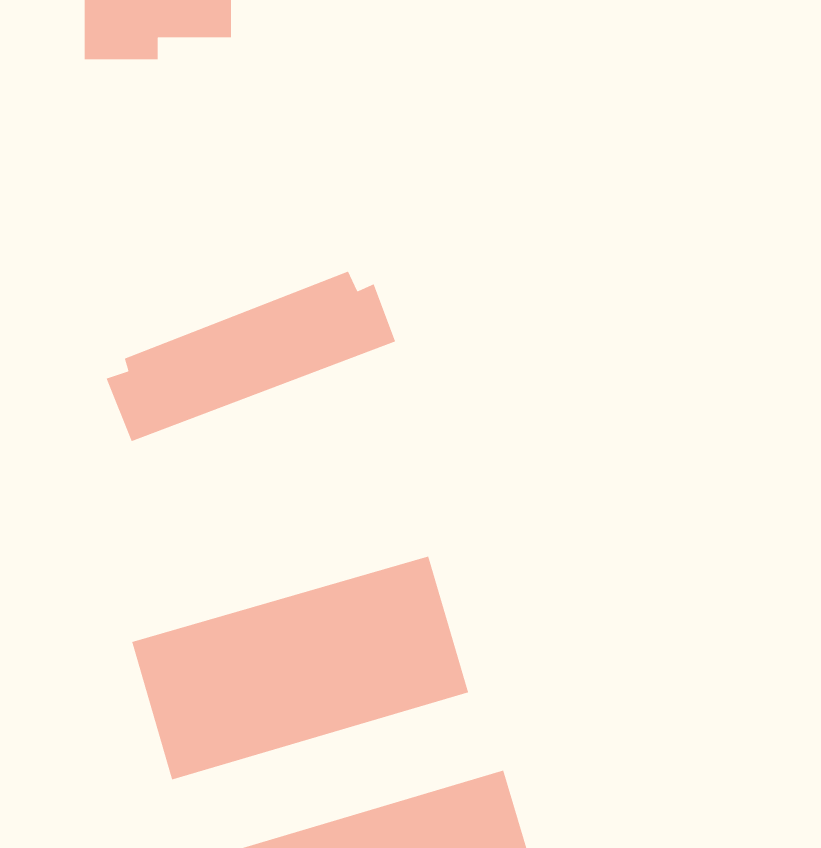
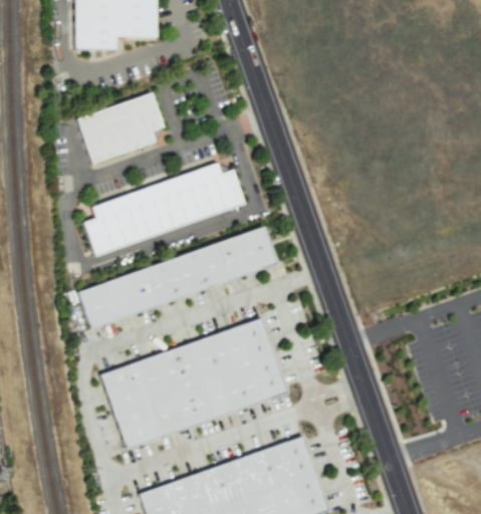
building: none -> [79,95,168,165]
building: none -> [77,229,277,326]

